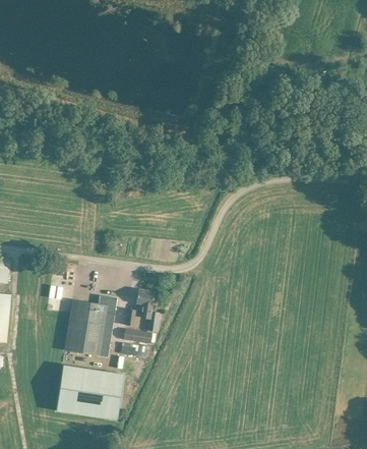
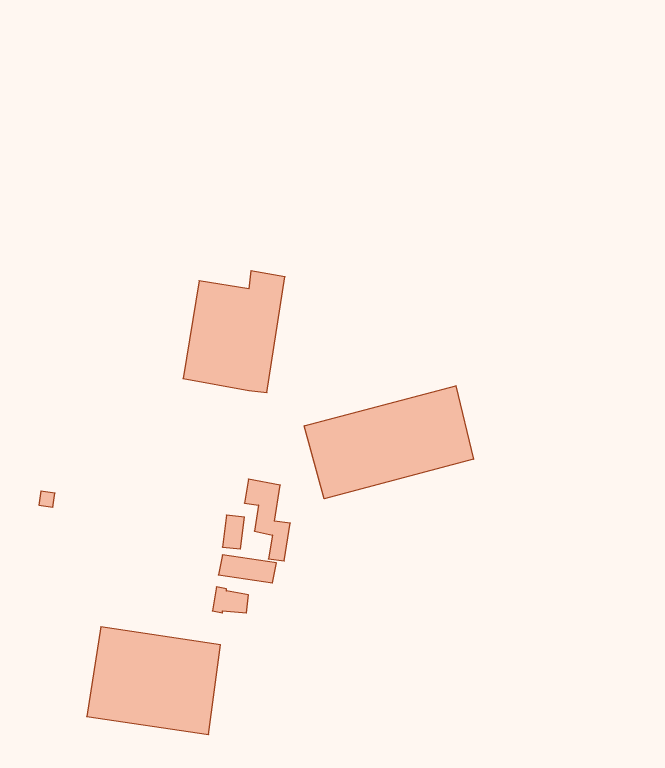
building: none -> [304,386,474,499]
building: [65,294,117,356] -> [183,271,285,393]

